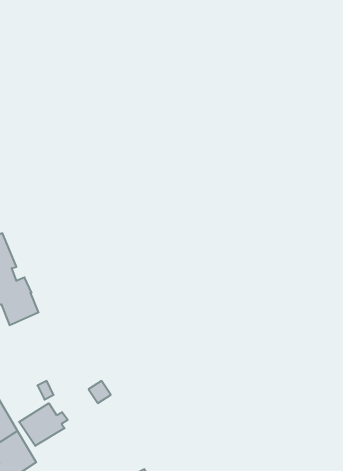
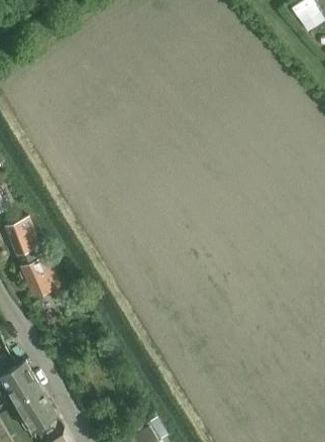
building: [19,403,68,446] -> none

